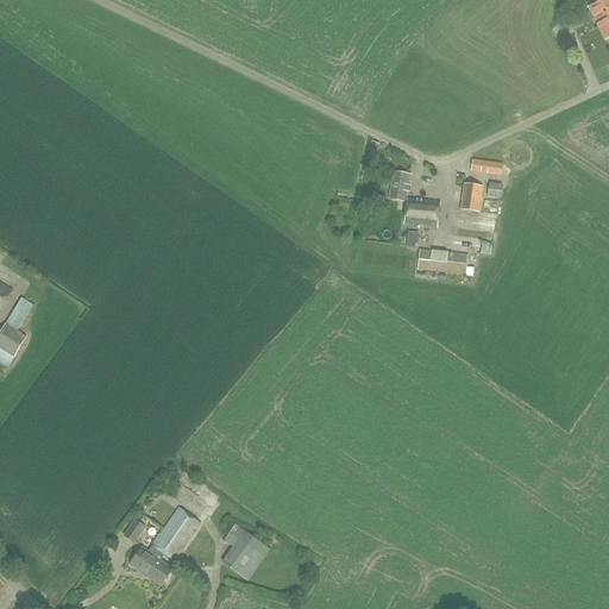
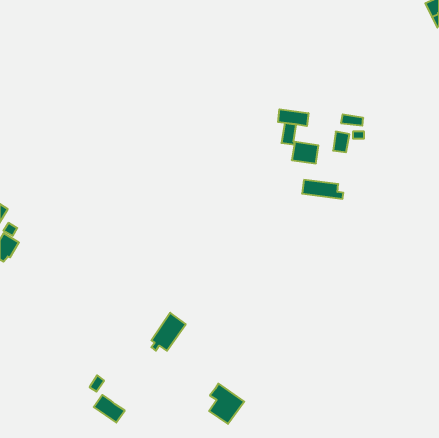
building: none -> [278,109,308,126]
building: [153,507,201,559] -> [151,313,186,351]
building: [221,522,270,578] -> [209,384,244,424]

